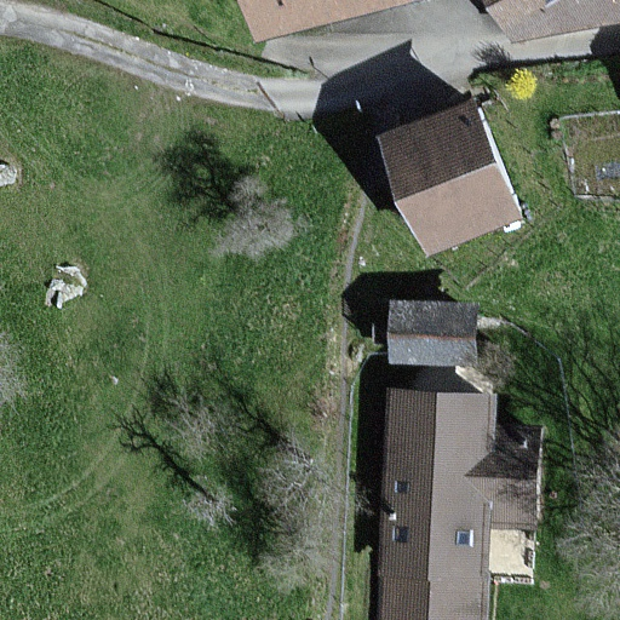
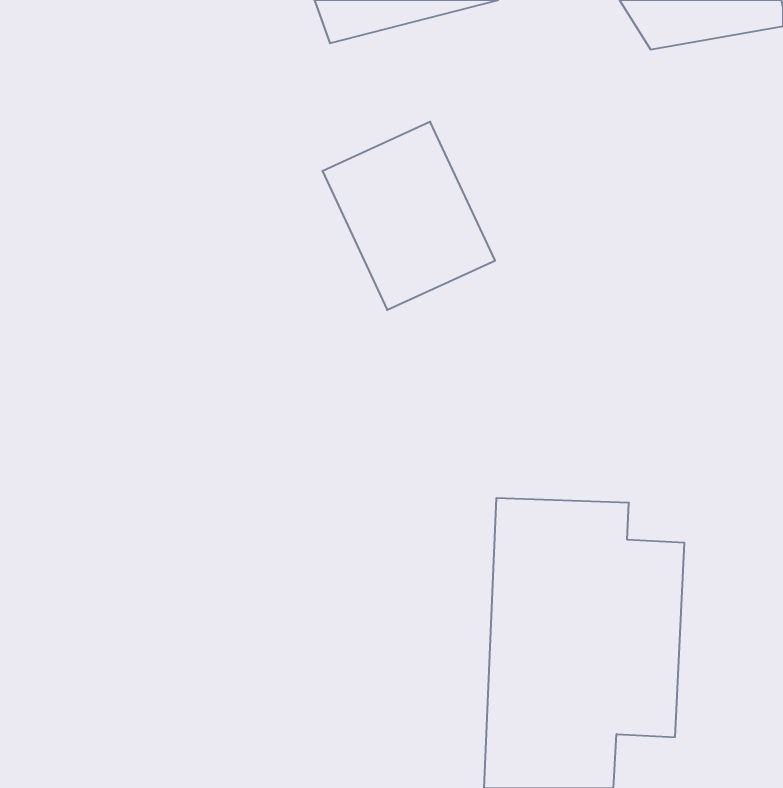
building: [381,104,517,252] -> [322,122,495,310]
building: [385,300,478,366] -> none

